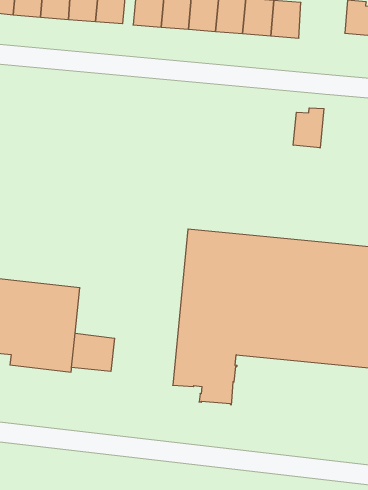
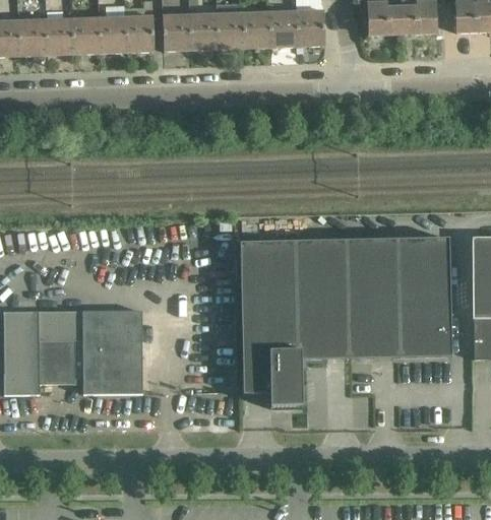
building: [293,108,324,148] -> none
building: [72,333,115,371] -> none

